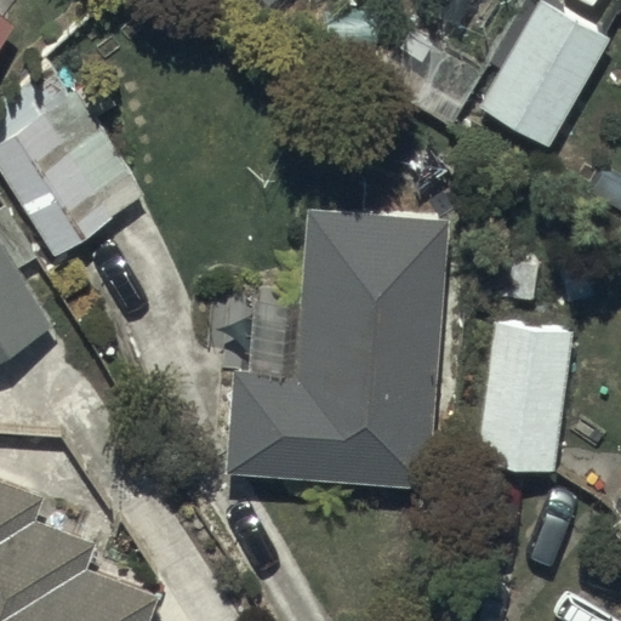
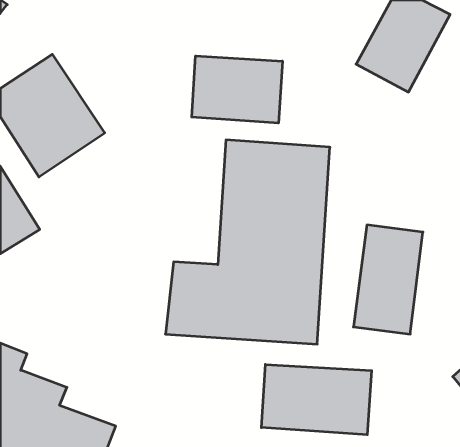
building: none -> [192,56,282,123]
building: none -> [261,364,372,435]

